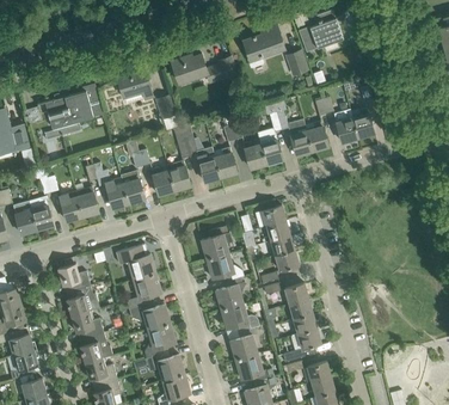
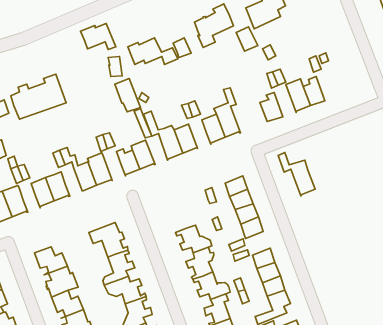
building: [117,73,153,100] -> [81,23,116,50]
building: [276,111,312,158] -> [278,153,315,196]
building: [201,228,232,260] -> none

